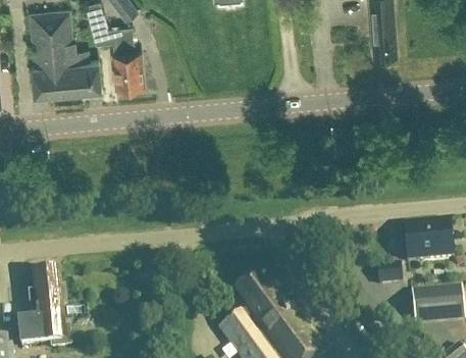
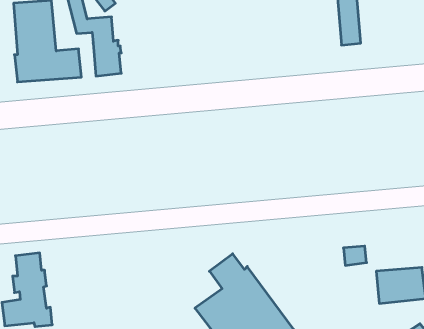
building: [402,223,452,265] -> none

